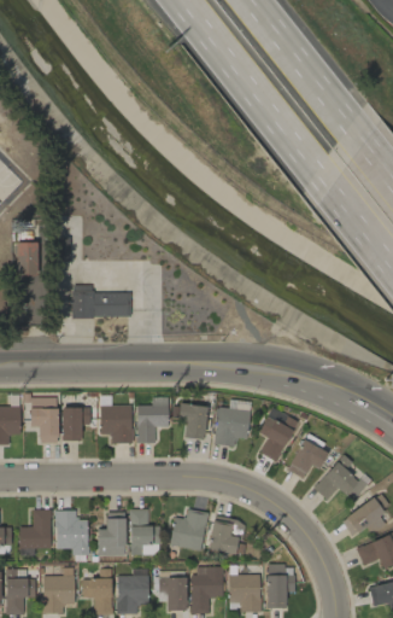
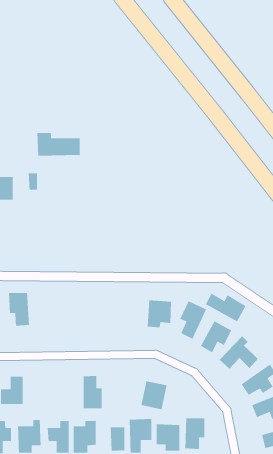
building: [71,285,130,317] -> [37,132,81,157]
building: [137,396,169,443] -> none
building: none -> [205,293,247,323]
building: [178,403,207,439] -> none
building: [100,404,133,443] -> none
building: [61,407,89,441] -> none
building: [170,509,209,550] -> none
building: [55,511,88,554] -> none
building: [98,512,125,556] -> none

